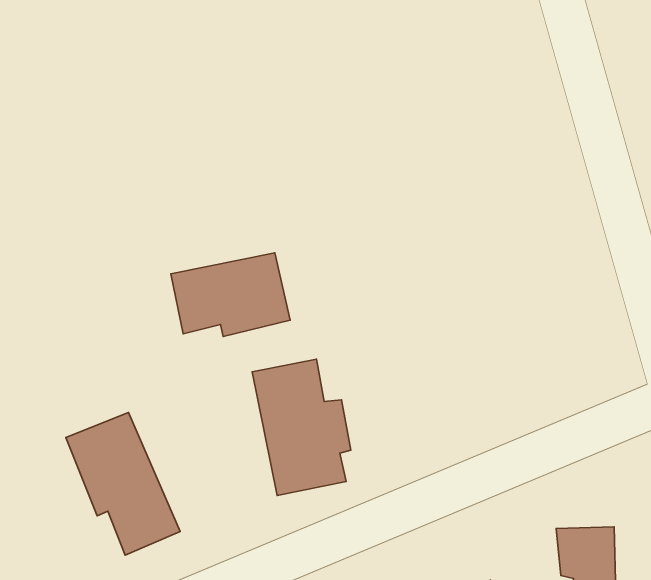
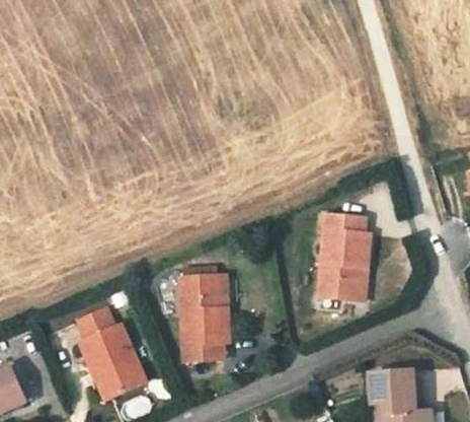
building: [171,253,290,336] -> none
building: none -> [326,210,374,292]

